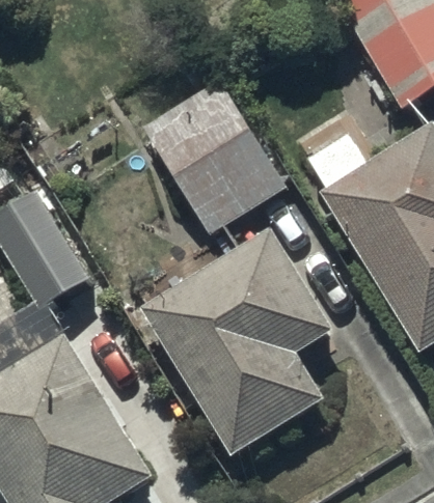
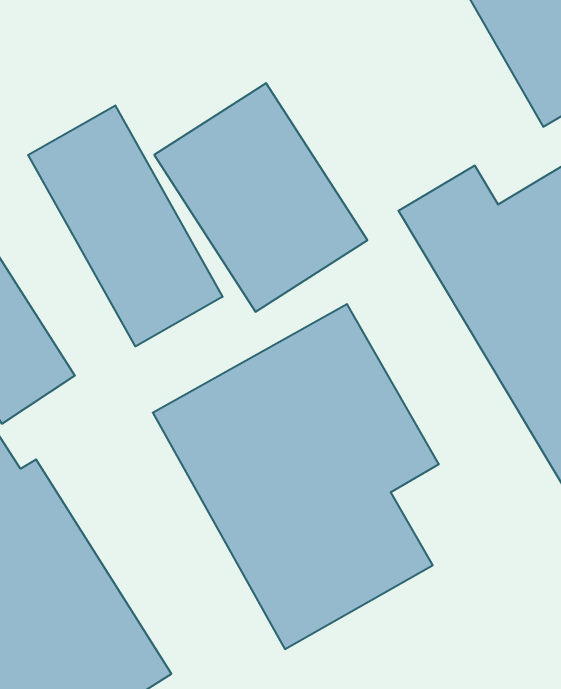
building: none -> [28,105,223,346]

